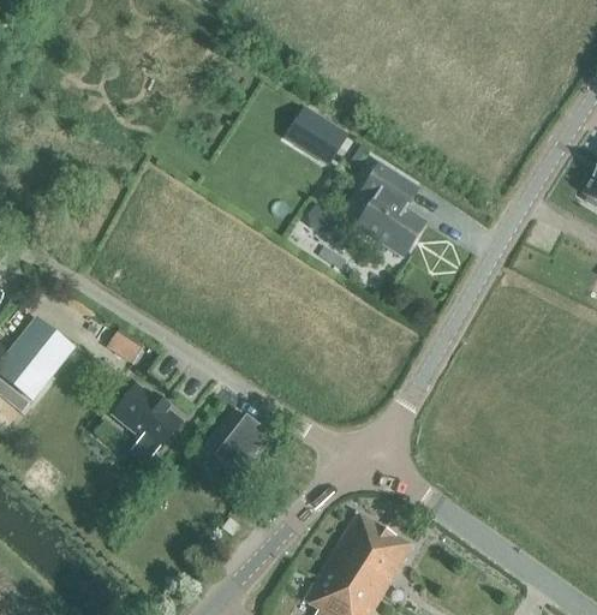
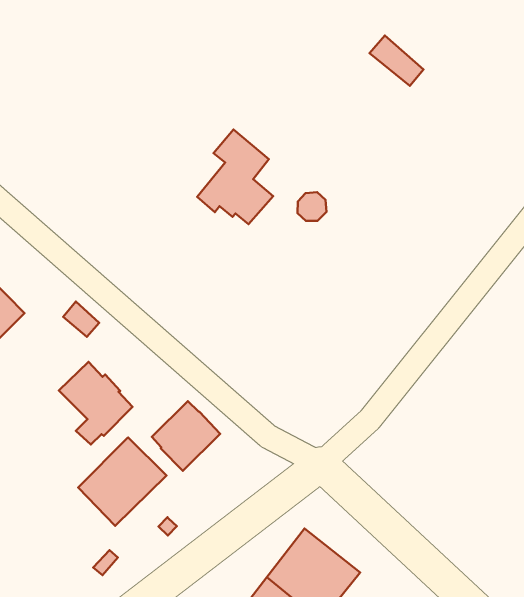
building: [293,109,345,153] -> [370,36,424,86]
building: [353,167,423,252] -> [197,130,273,224]
building: none -> [78,438,166,526]

